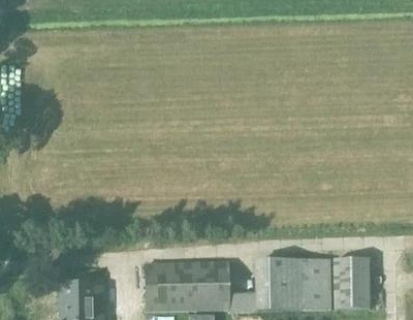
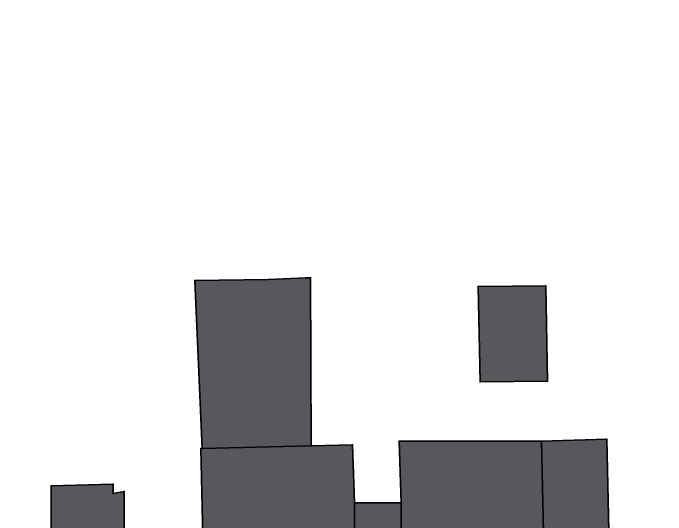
building: none -> [195,278,311,448]
building: none -> [478,286,548,382]

